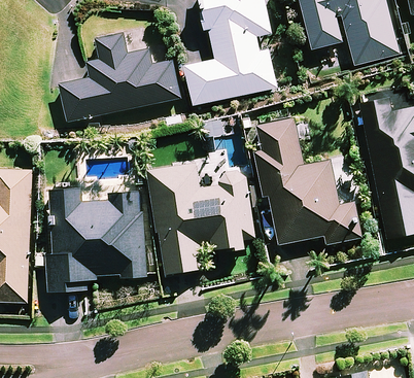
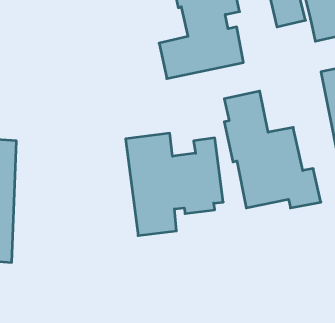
building: [61,32,179,122] -> none
building: [47,190,145,291] -> none

